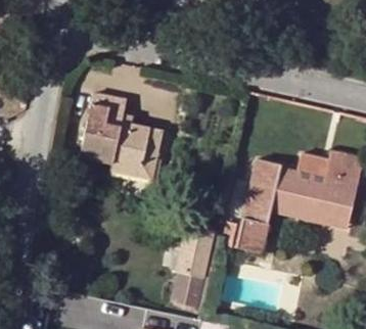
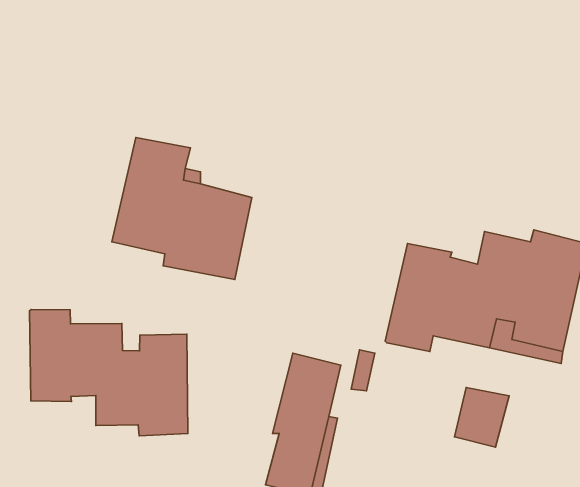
building: none -> [29,309,188,436]
building: [235,218,268,253] -> [454,387,509,447]

